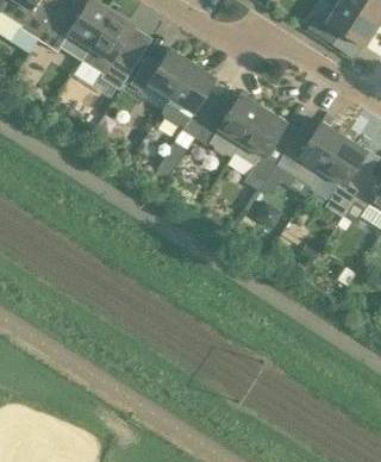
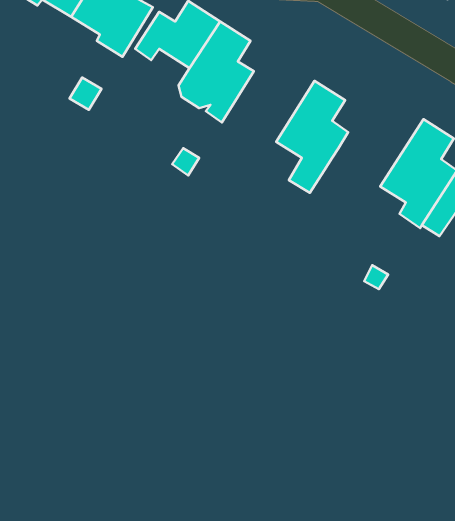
building: [194,93,263,157] -> none
building: [276,121,344,186] -> none

